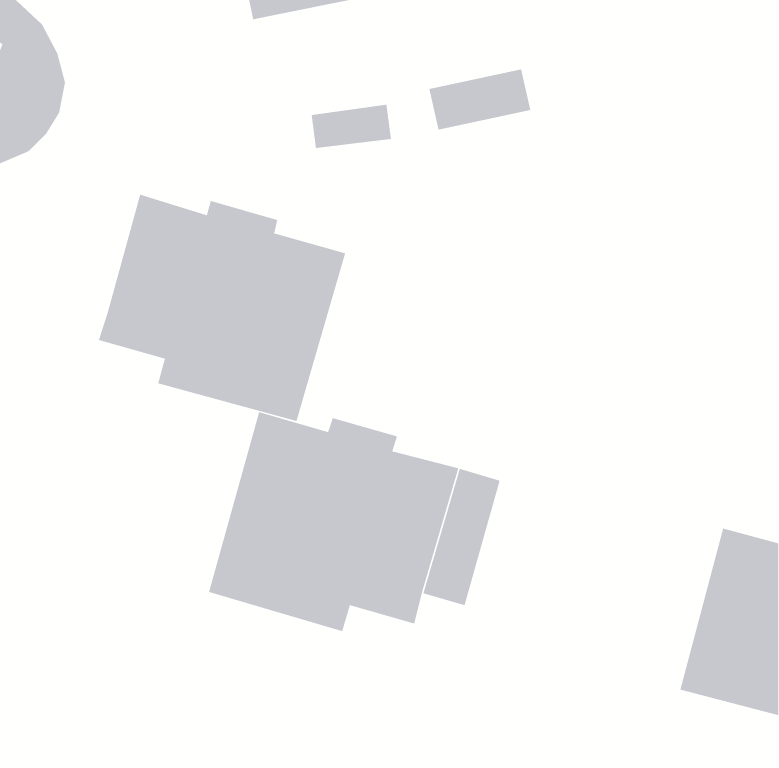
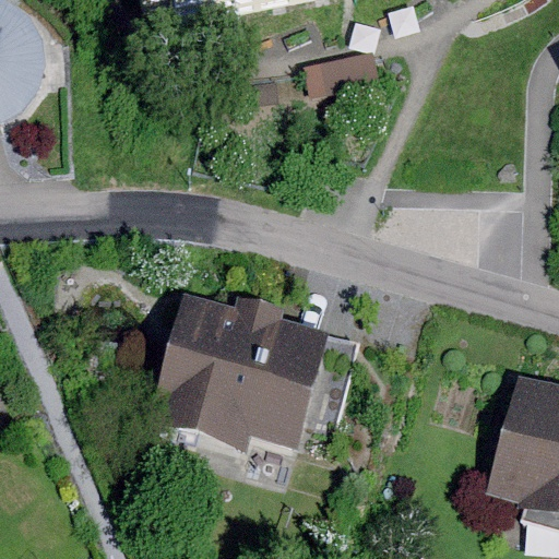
building: [98,194,346,422] -> none

